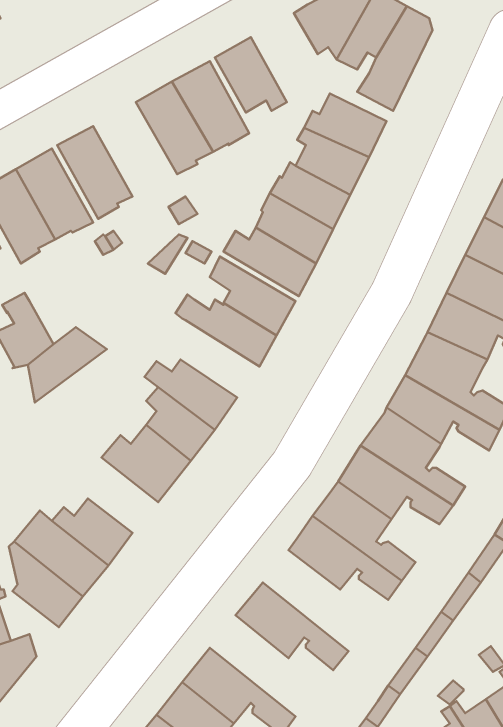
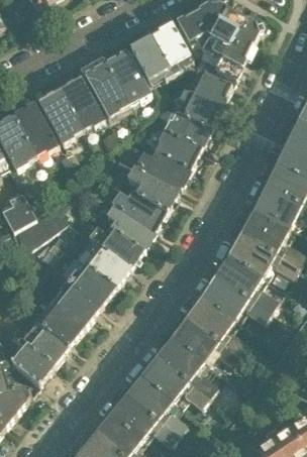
building: none -> [150,23,189,74]
building: none -> [58,76,104,129]
building: none -> [105,202,156,247]
building: none -> [55,282,96,327]
building: none -> [158,337,216,396]
building: none -> [126,375,186,435]

